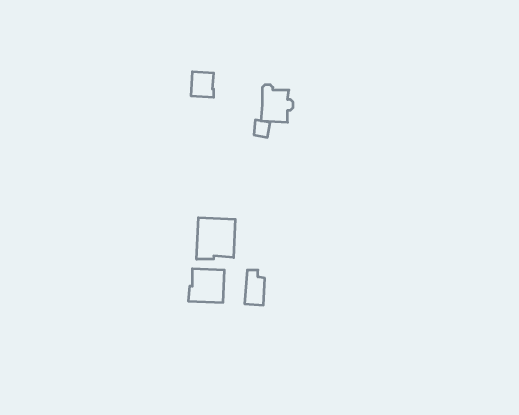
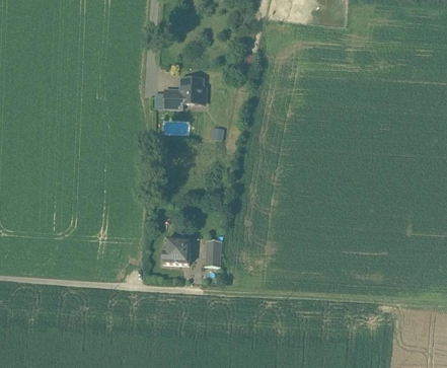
building: [261,85,293,122] -> [180,73,205,101]
building: [197,218,235,259] -> none

